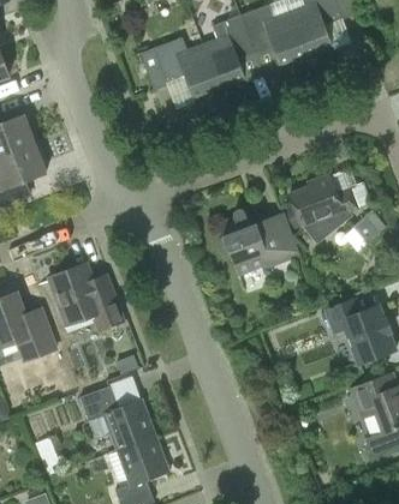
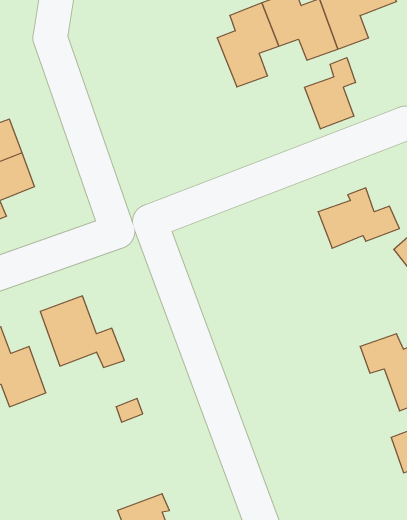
building: [139,37,219,98] -> none
building: none -> [304,58,355,129]
building: [218,209,298,275] -> none
building: [79,386,155,450] -> none

